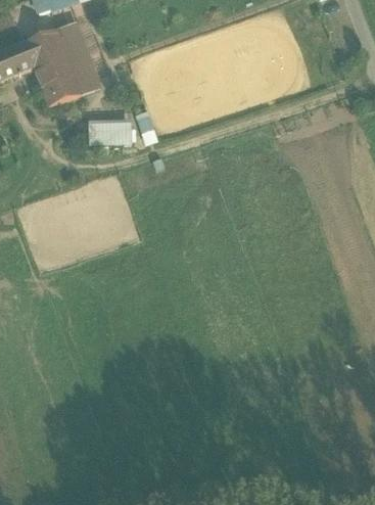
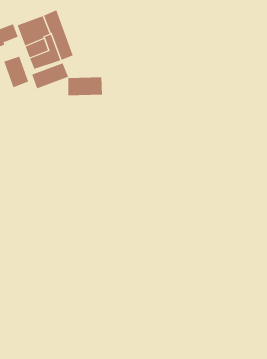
building: none -> [3,56,29,88]
building: none -> [32,63,69,89]

